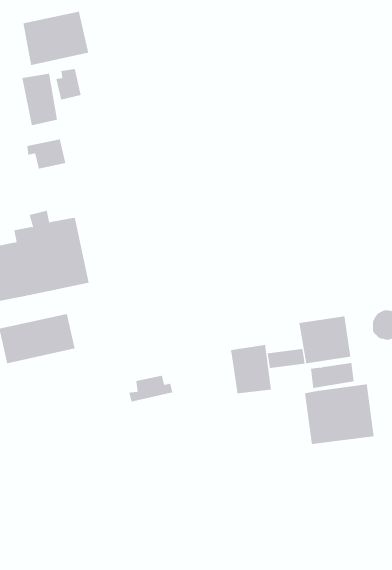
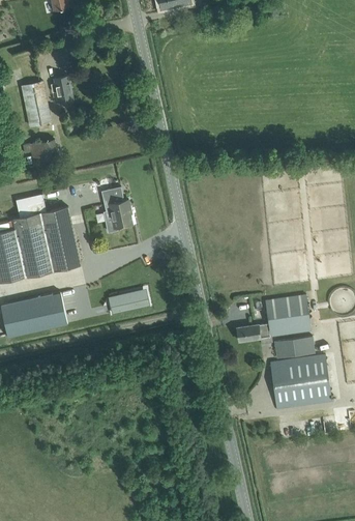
building: [23,11,89,66] -> none
building: none -> [102,186,131,232]
building: [230,344,271,394] -> none
building: [129,375,173,402] -> [110,290,149,314]

